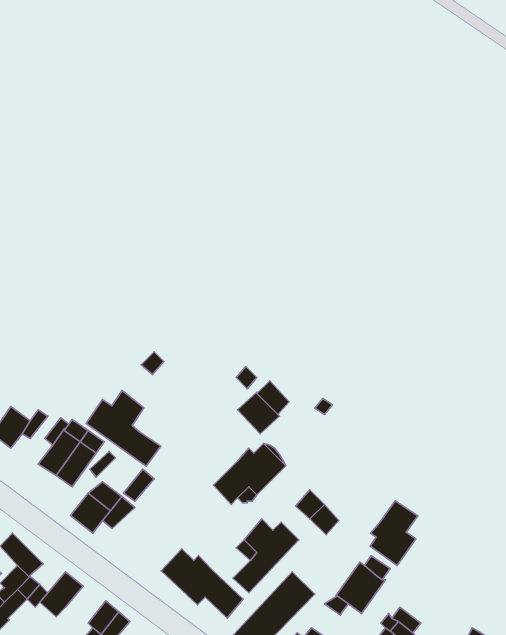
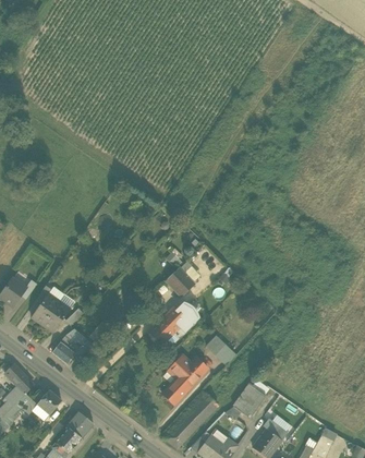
building: [86,391,161,466] -> none
building: [370,501,418,565] -> none
building: [161,549,243,618] -> none

